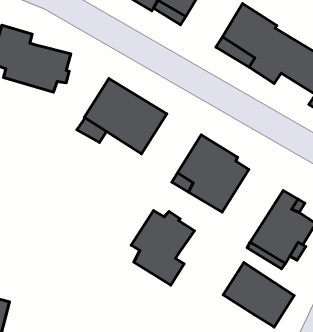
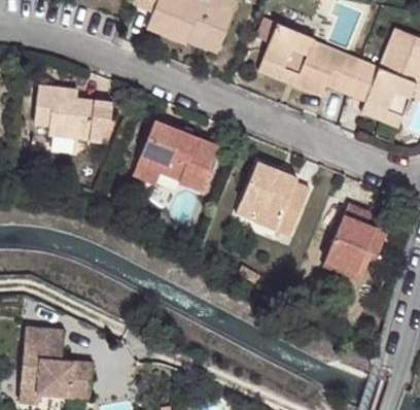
building: [131,211,195,285] -> none
building: [223,263,294,327] -> none

